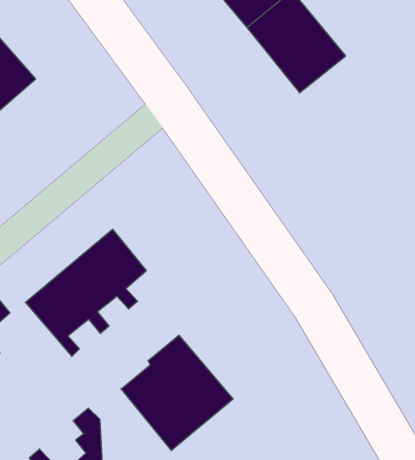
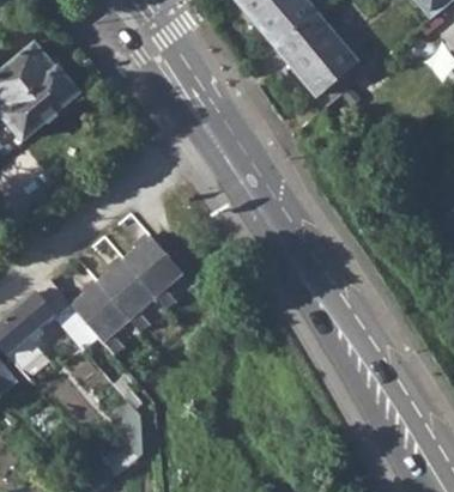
building: [121,335,233,451] -> none

